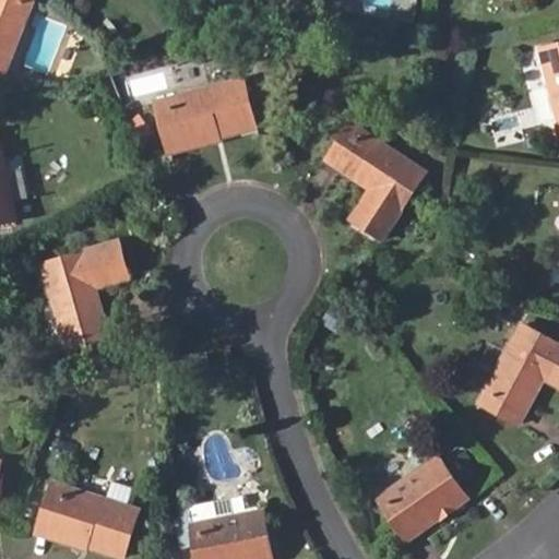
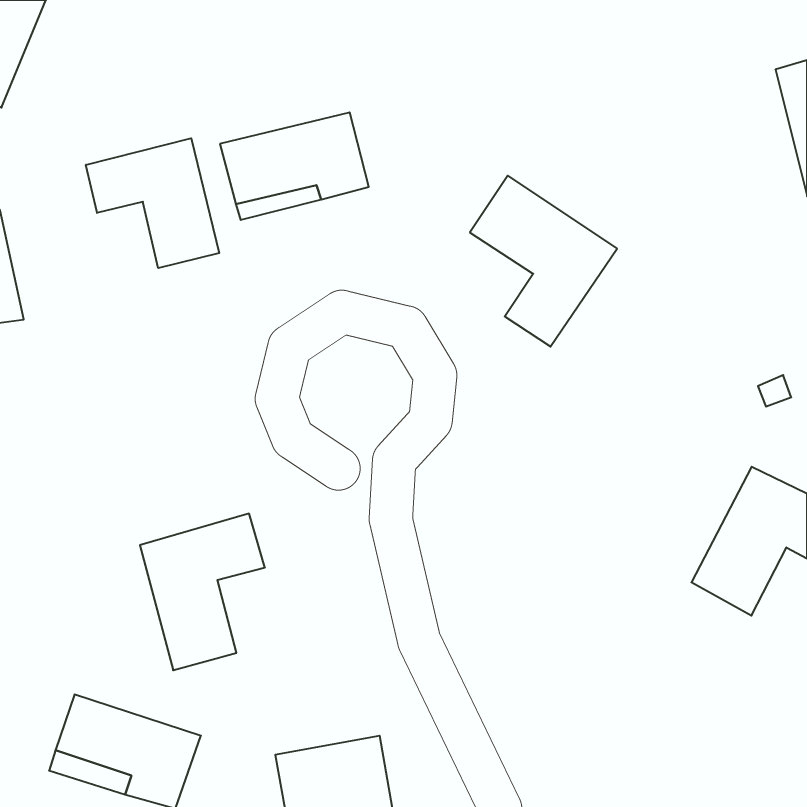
building: none -> [86,138,219,268]
building: [41,242,128,350] -> [140,514,265,670]
building: [376,456,467,543] -> none

